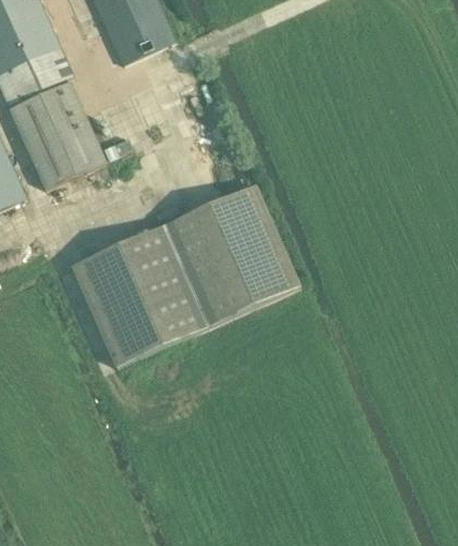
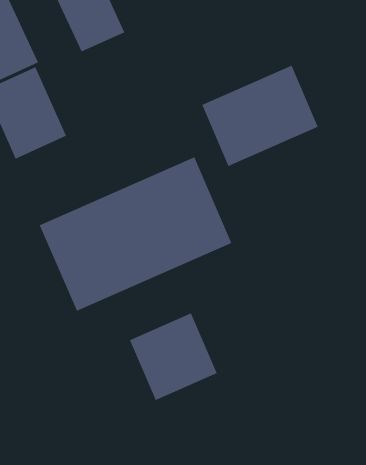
building: none -> [201,65,319,167]
building: none -> [129,313,218,401]

